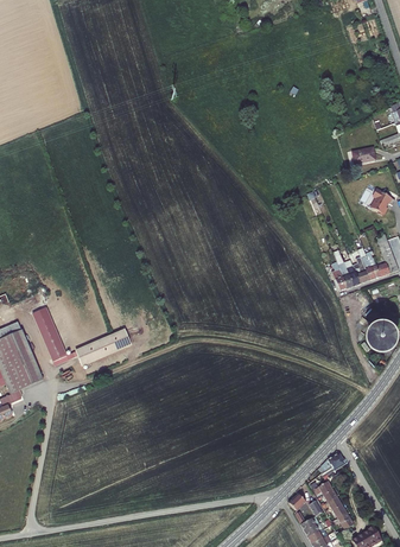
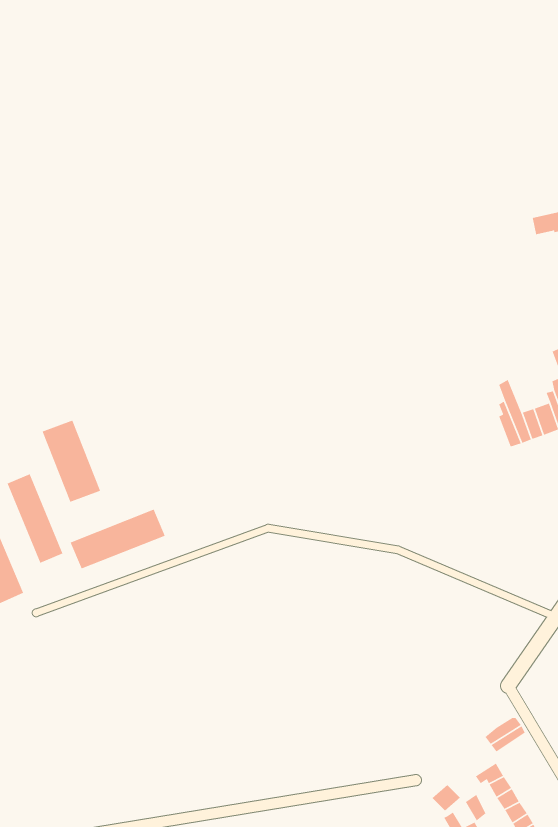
building: none -> [41,419,101,503]

